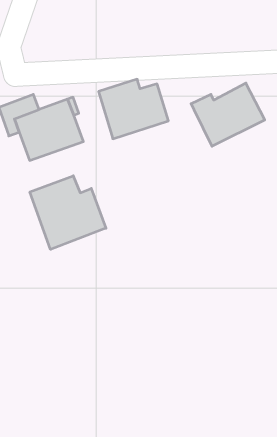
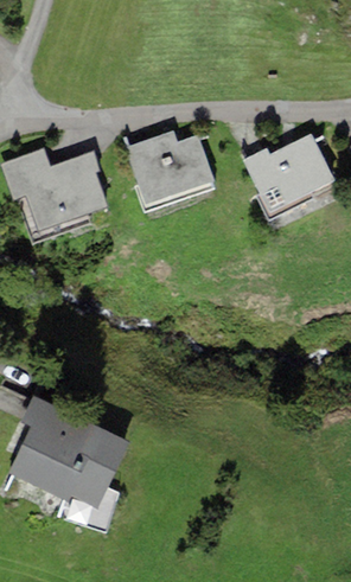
building: [30,176,106,249] -> none
building: none -> [8,396,130,510]

